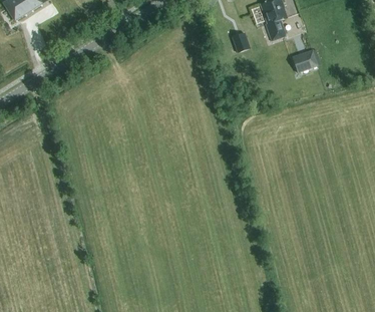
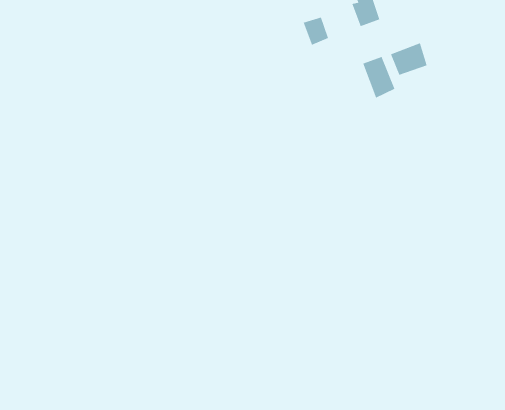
building: none -> [362,56,395,98]

